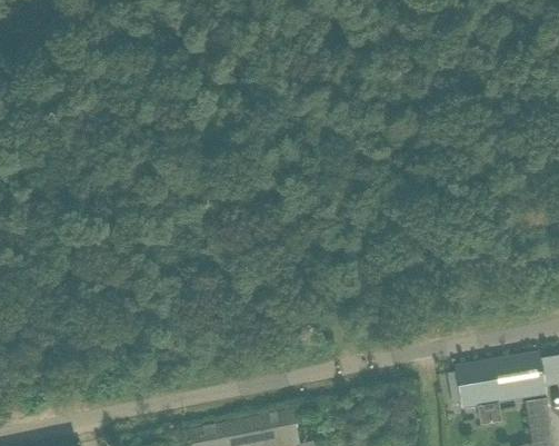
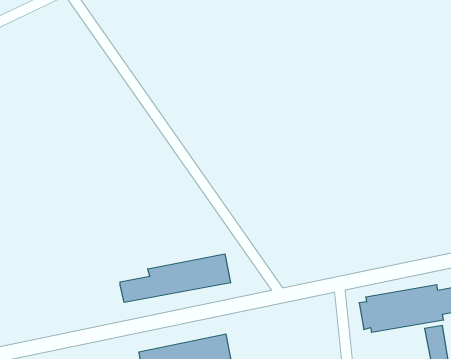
building: none -> [120,254,230,302]

